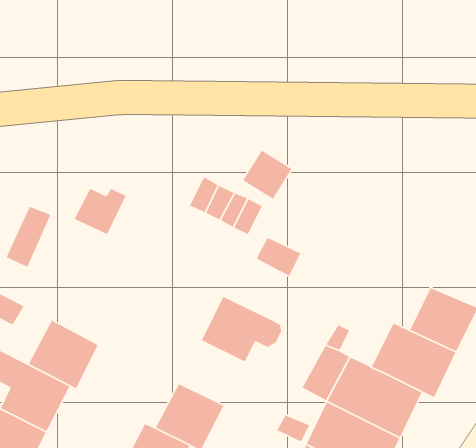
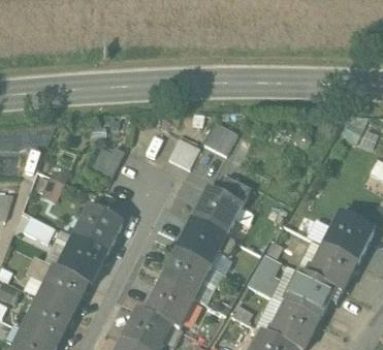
building: none -> [193,191,240,236]
building: none -> [73,209,122,255]
building: none -> [162,252,224,305]

